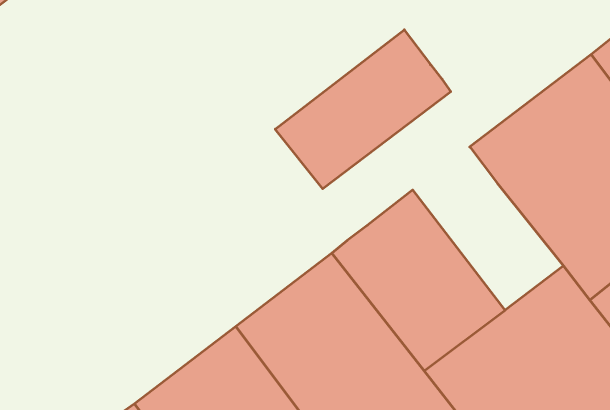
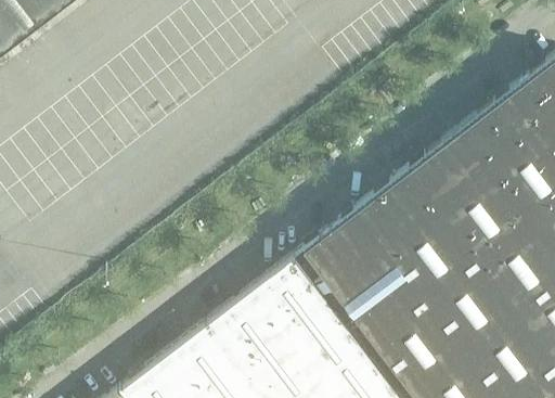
building: [275,30,451,189] -> none
building: none -> [372,162,501,301]

